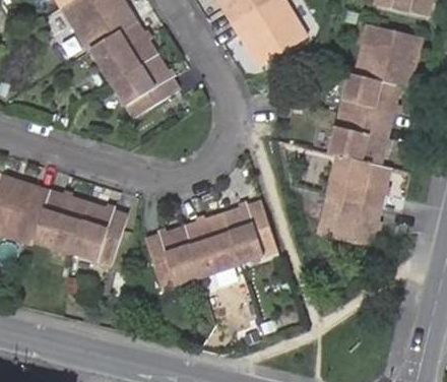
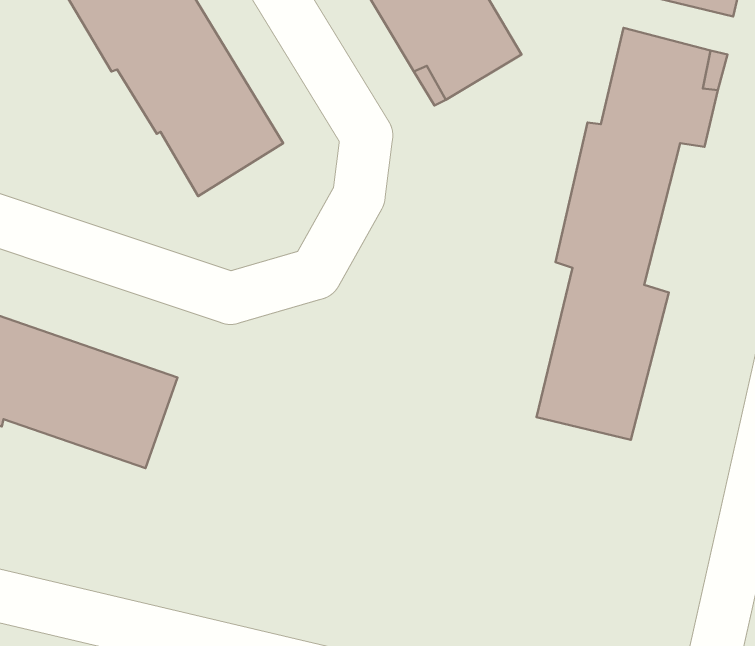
building: [143,204,277,291] -> none

